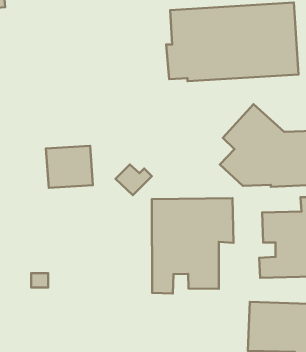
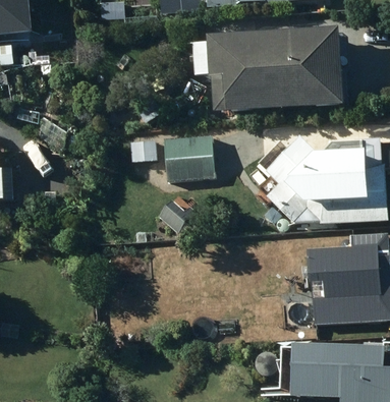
building: [46,146,93,188] -> [157,132,207,177]
building: [152,198,234,294] -> none

